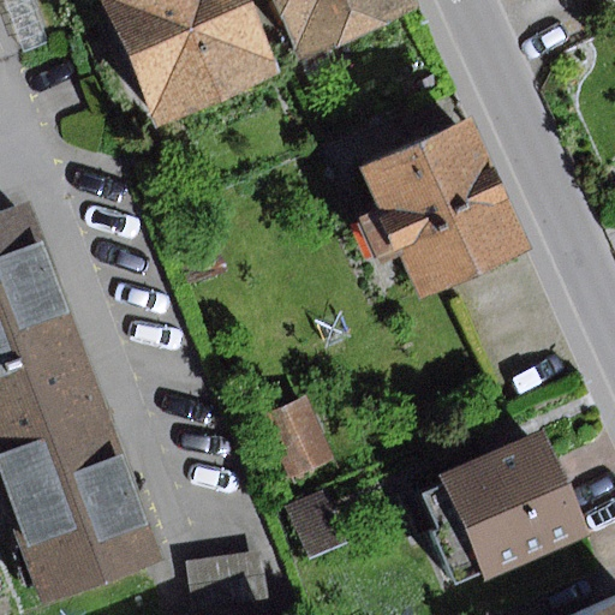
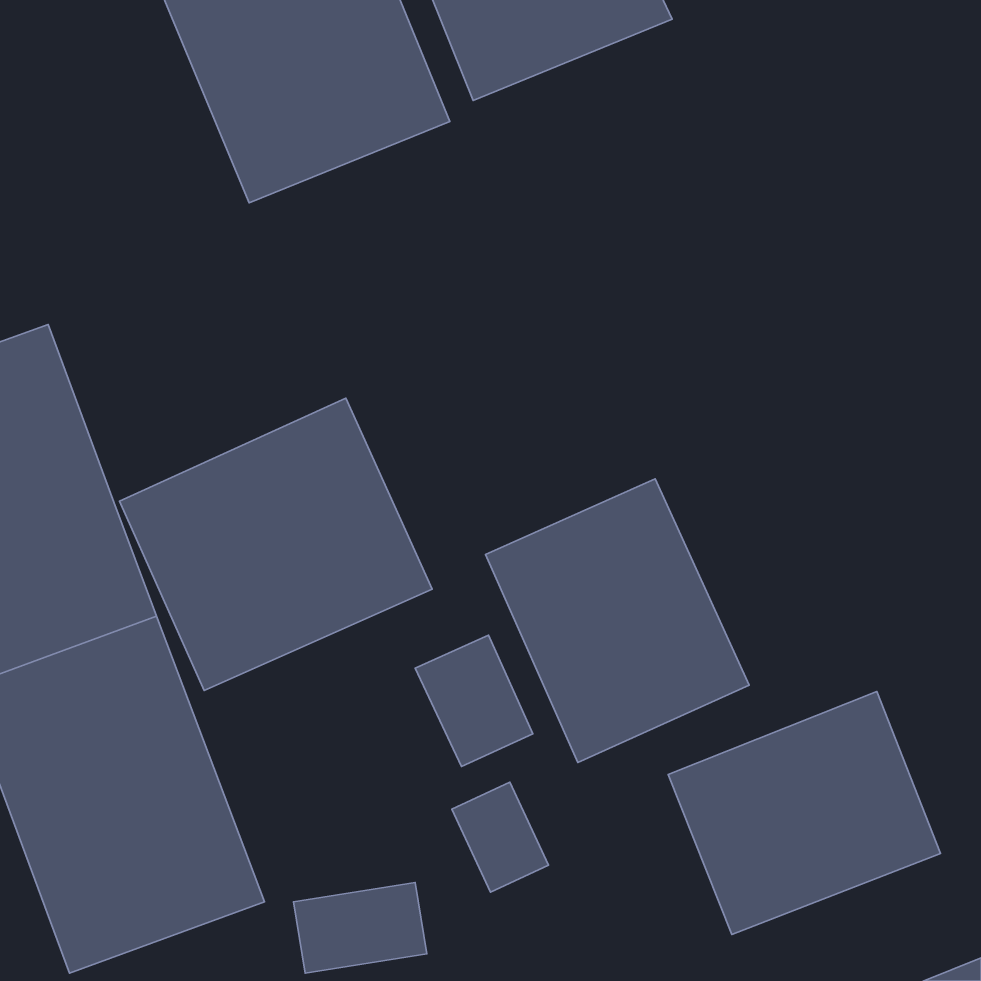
building: [363,120,527,298] -> none
building: none -> [120,398,432,691]
building: none -> [485,479,749,762]

